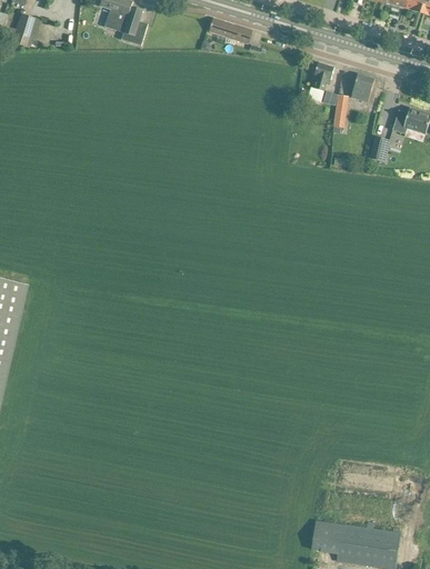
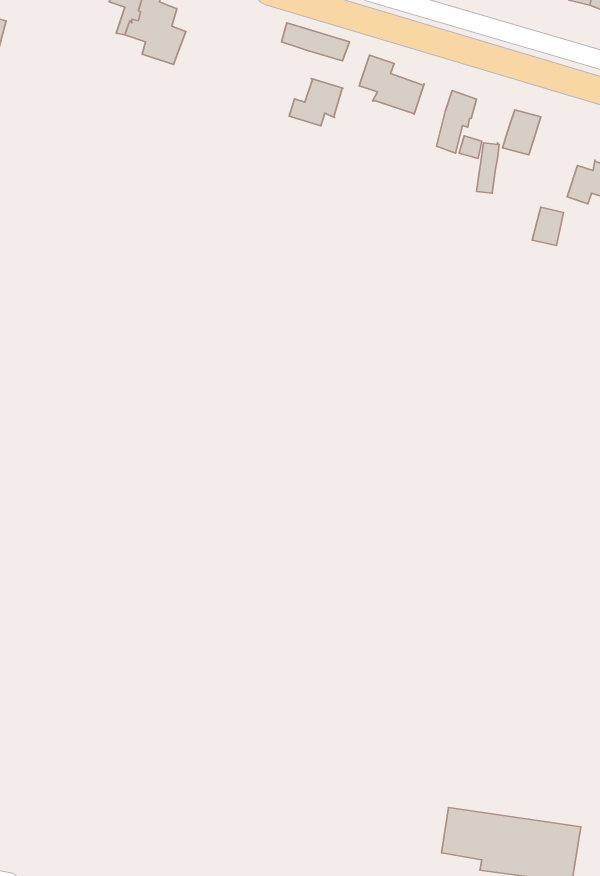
building: none -> [359,55,424,114]
building: none -> [289,79,343,126]

